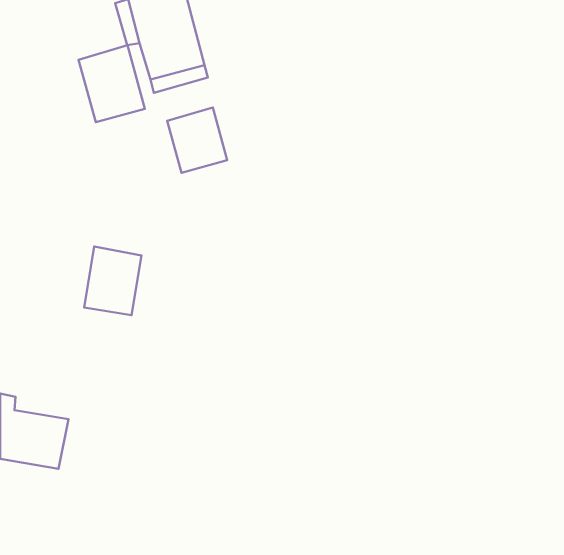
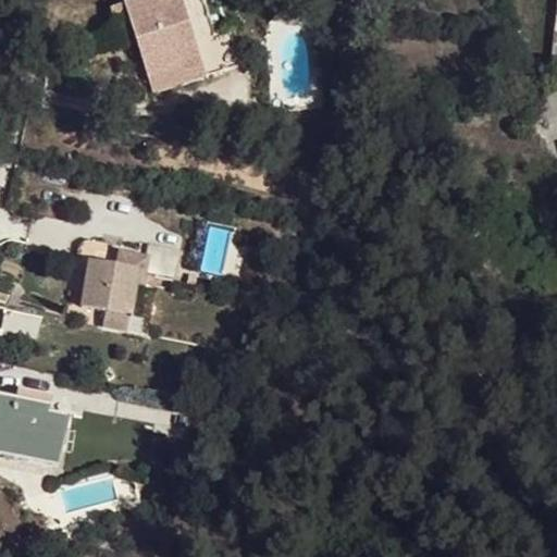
building: [79,45,145,122] -> none
building: [167,107,227,173] -> none

